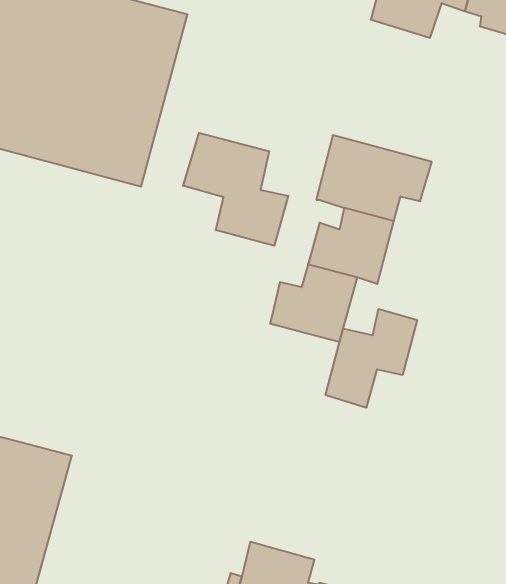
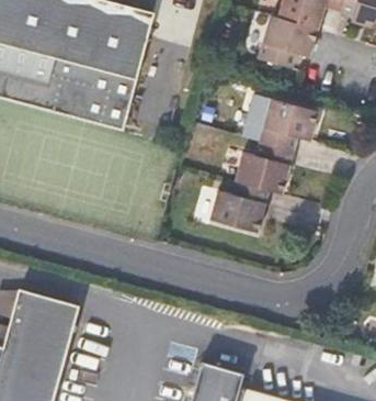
building: none -> [257,14,316,68]
building: [183,133,288,246] -> none
building: [326,309,417,408] -> none

